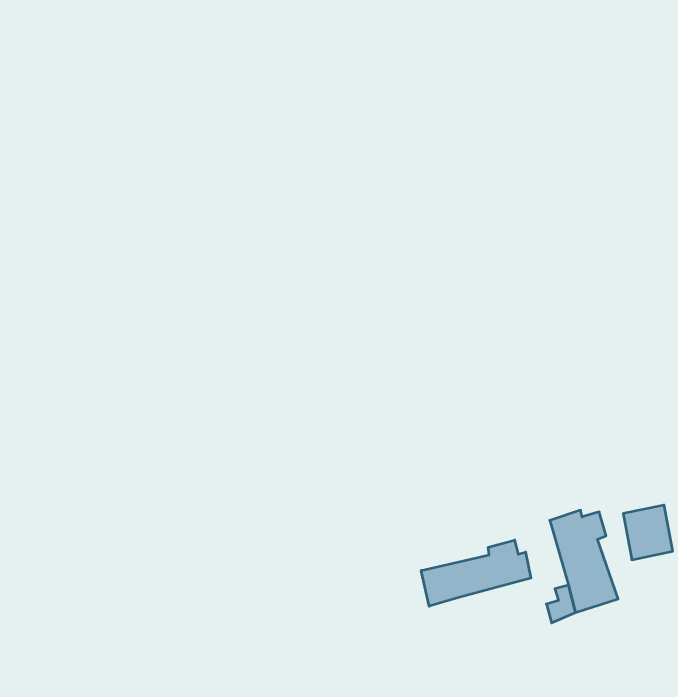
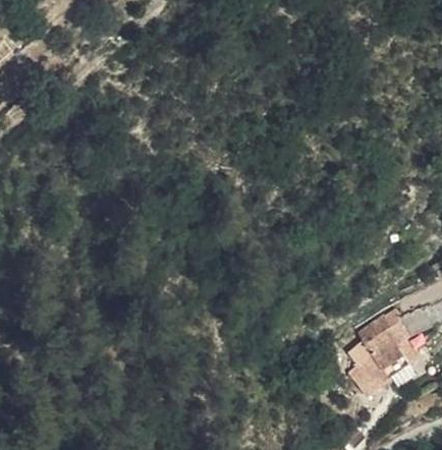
building: [421,540,531,606] -> none

